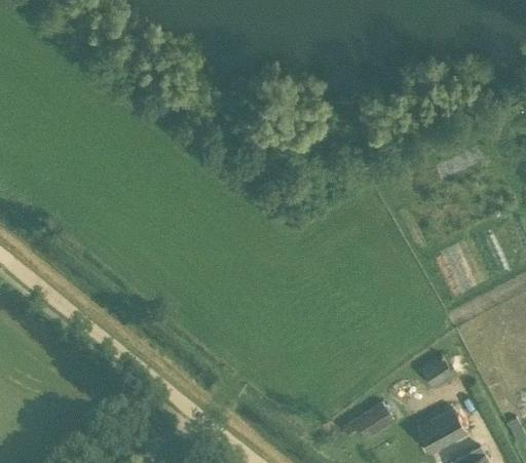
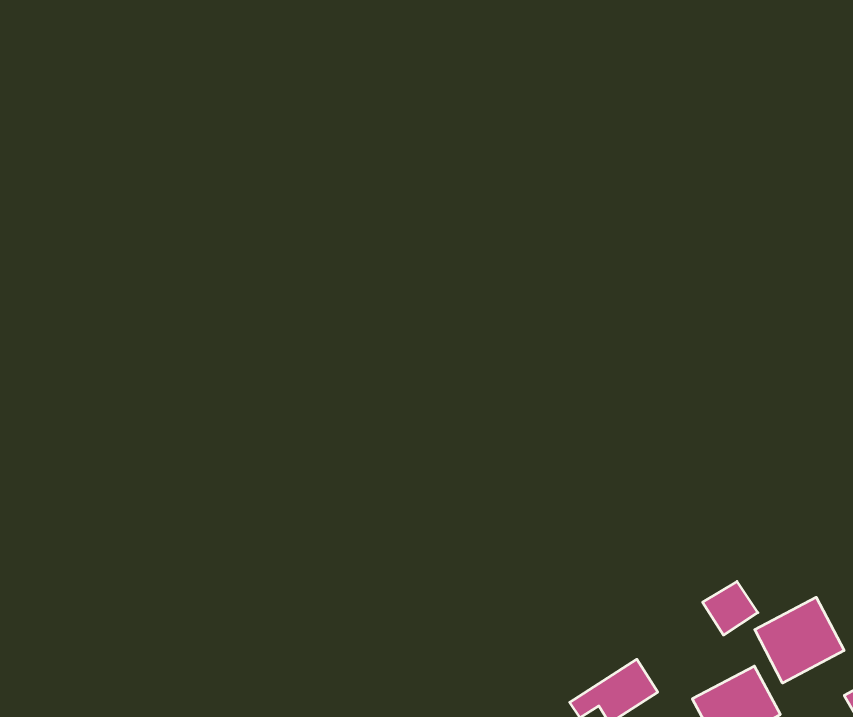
building: none -> [755,597,844,683]

